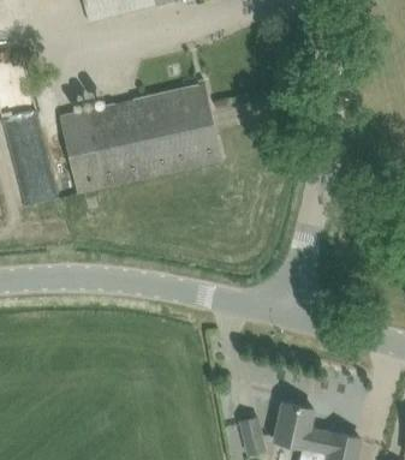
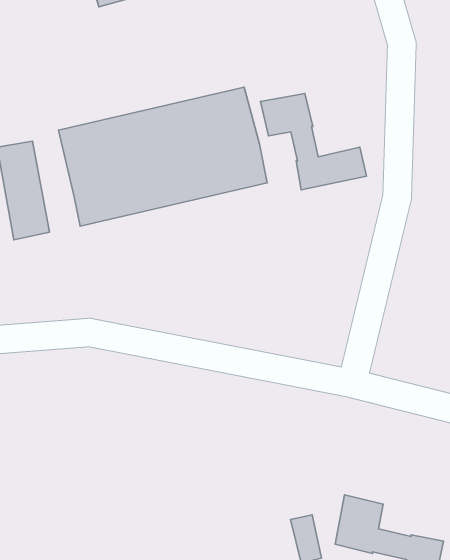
building: none -> [260,93,366,190]

